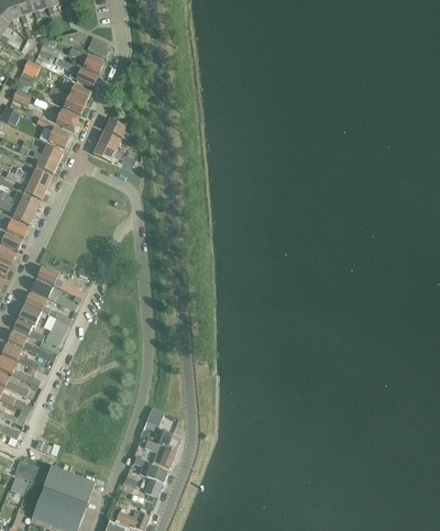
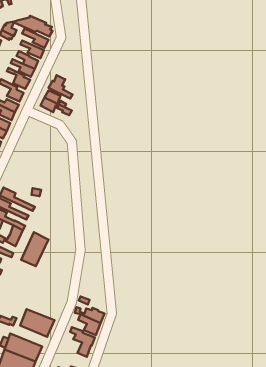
building: none -> [21,232,48,266]
building: none -> [20,309,54,337]

